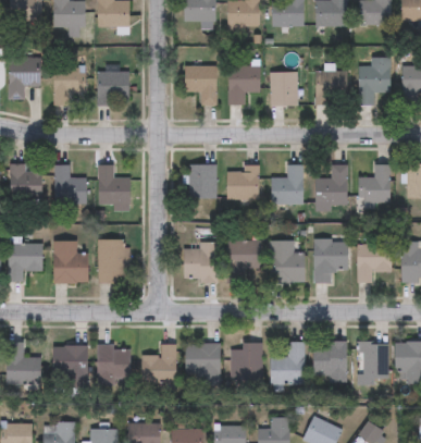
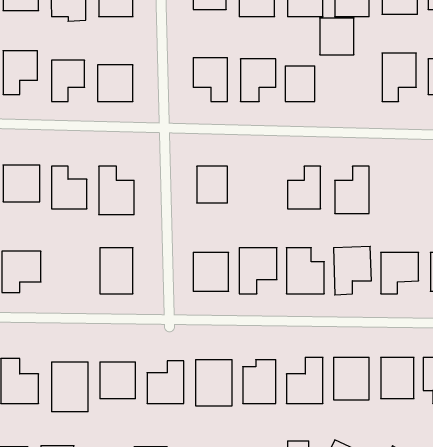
building: [314,72,346,106] -> [320,18,354,55]
building: [226,165,259,200] -> none
building: [358,165,389,202] -> none
building: [53,242,87,283] -> none

